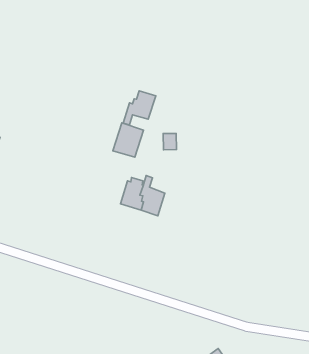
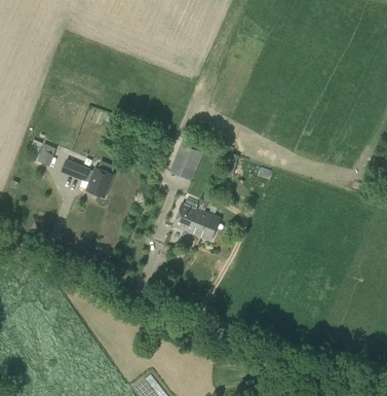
building: [123,91,156,125] -> none
building: none -> [62,159,113,196]

